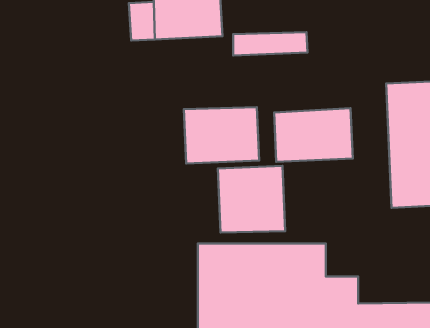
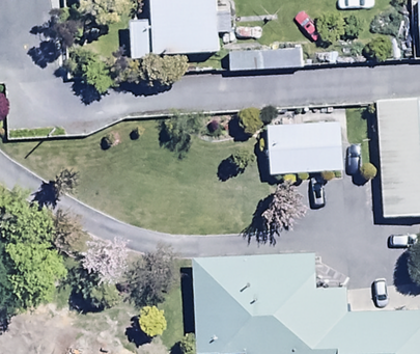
building: [184,107,259,164] -> none
building: [218,166,285,232] -> none

